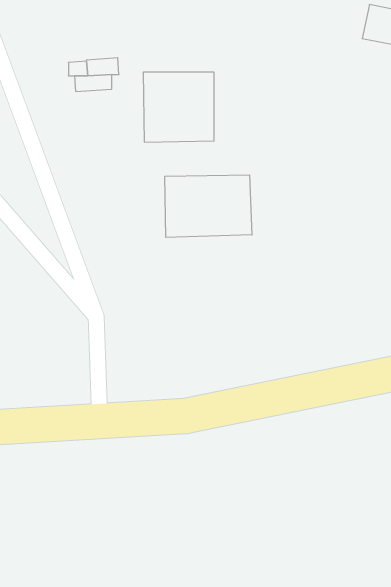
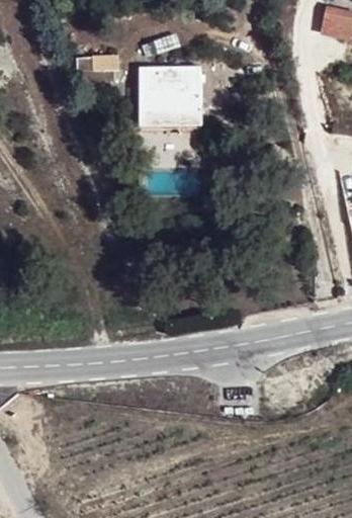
building: [165,175,252,237] -> none

